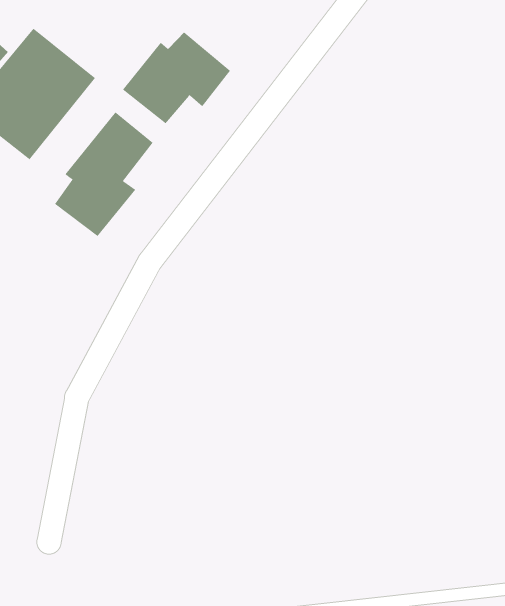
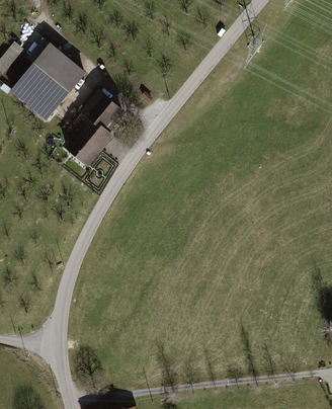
building: [122,31,231,124] -> none

